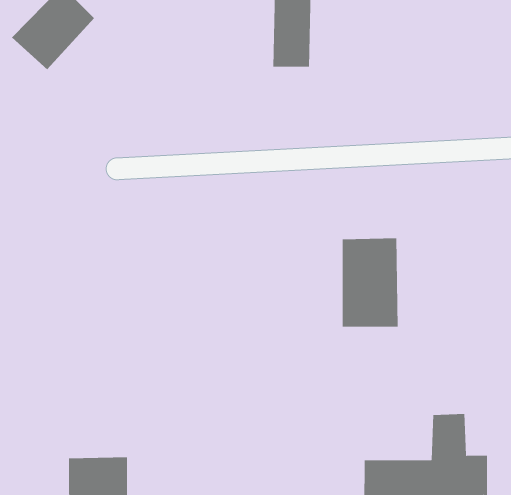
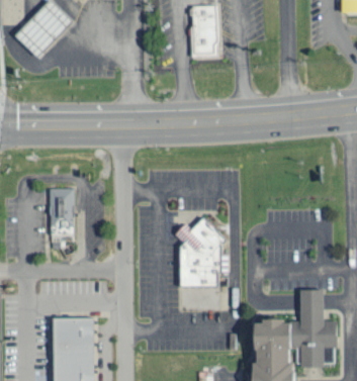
building: [342,238,399,327] -> [181,223,219,284]
building: none -> [49,183,76,246]

